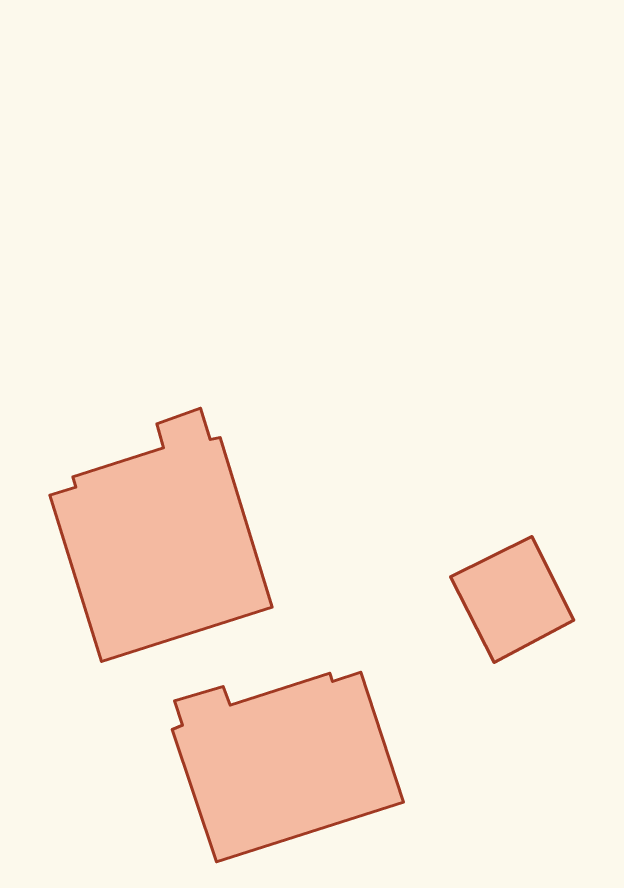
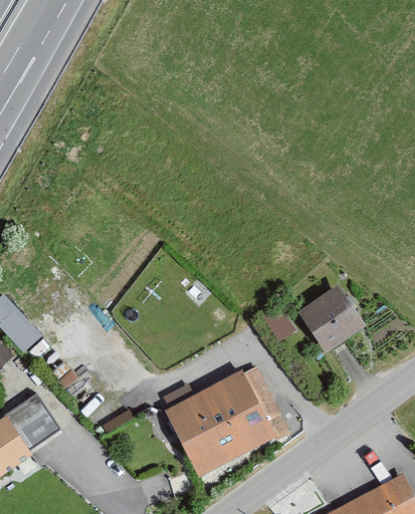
building: [50,408,272,662] -> none

